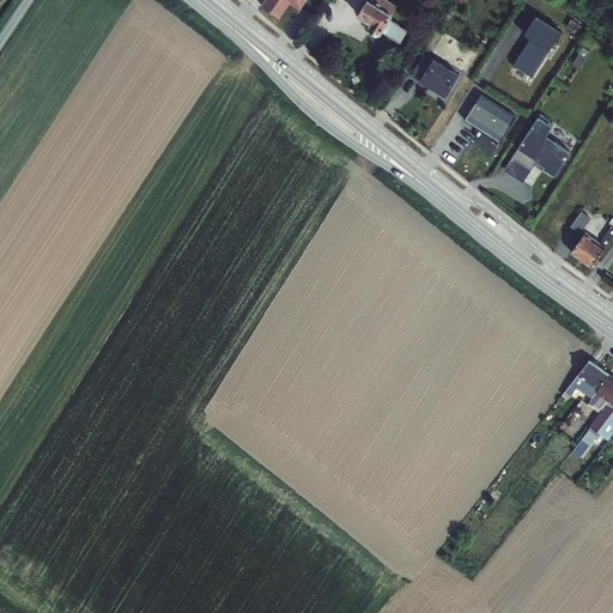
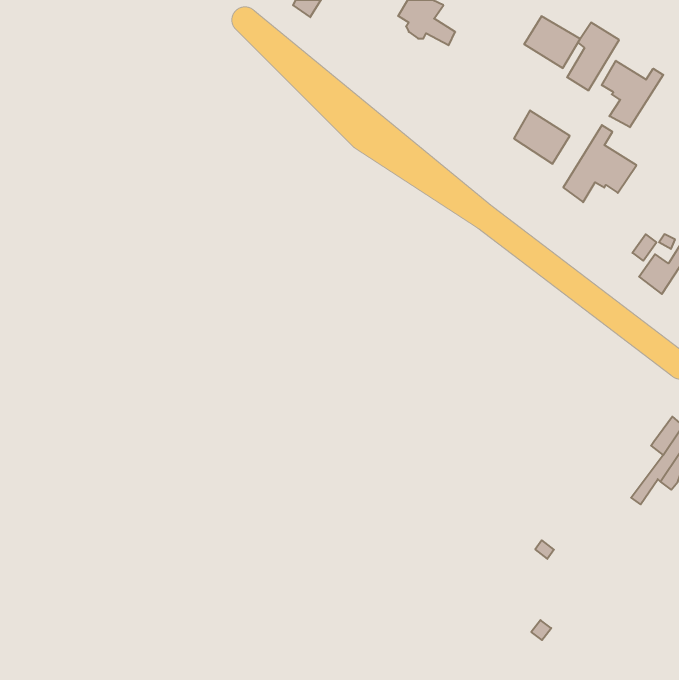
building: [413,49,463,96] -> [524,16,580,68]
building: none -> [602,61,663,127]
building: [558,360,606,401] -> none

